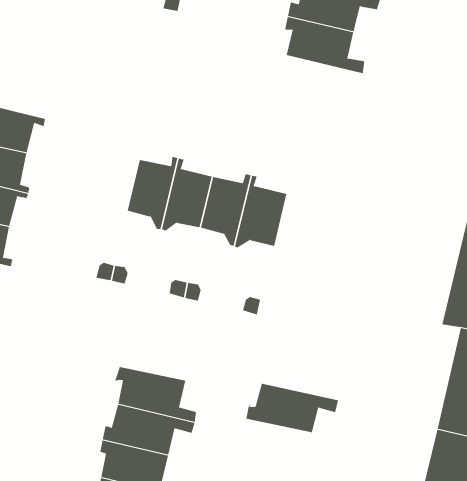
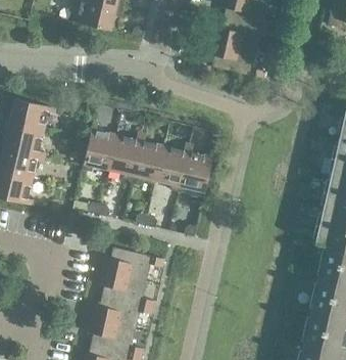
building: none -> [81,122,115,170]
building: [245,383,339,433] -> [102,246,163,279]

